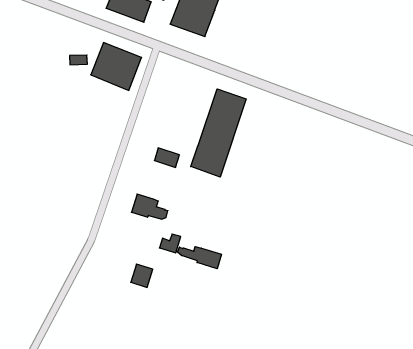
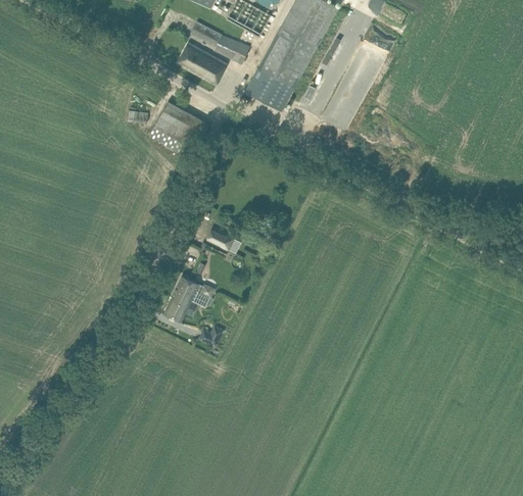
building: [191,89,246,177] -> none
building: [178,247,221,269] -> none
building: [131,264,153,287] -> [163,294,190,321]

